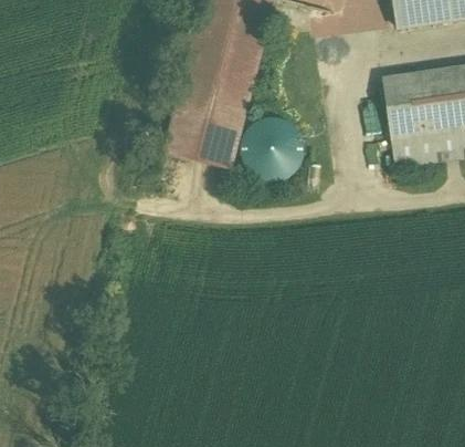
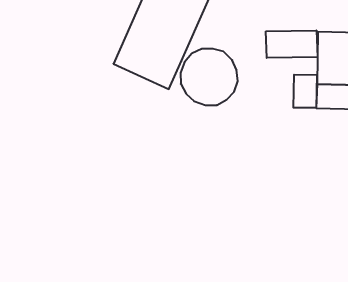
building: none -> [266,30,317,58]
building: none -> [293,75,317,108]

